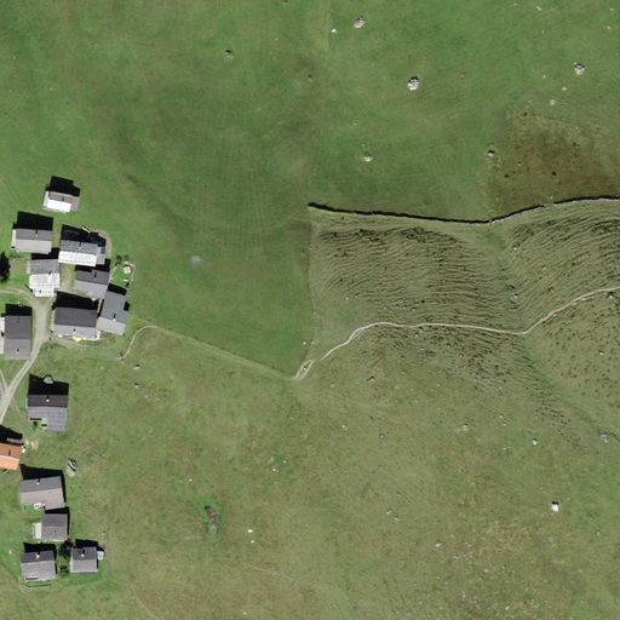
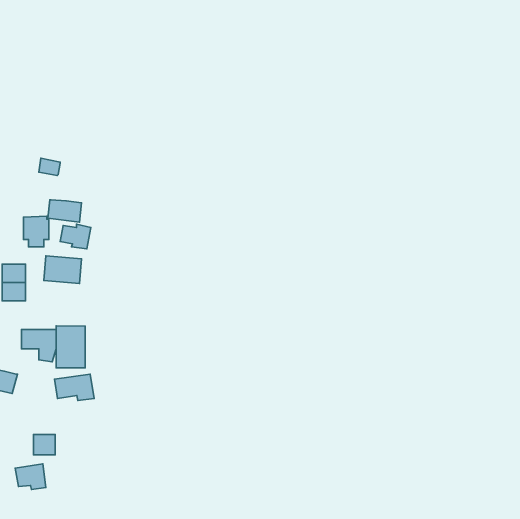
building: [13,225,51,249] -> none
building: [96,288,128,333] -> none
building: none -> [56,326,85,368]
building: [16,478,63,510] -> [54,374,94,401]
building: [70,547,96,573] -> none

